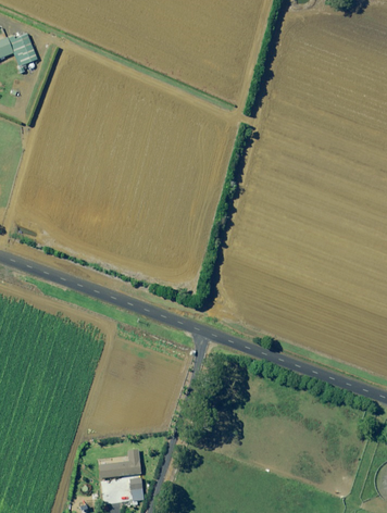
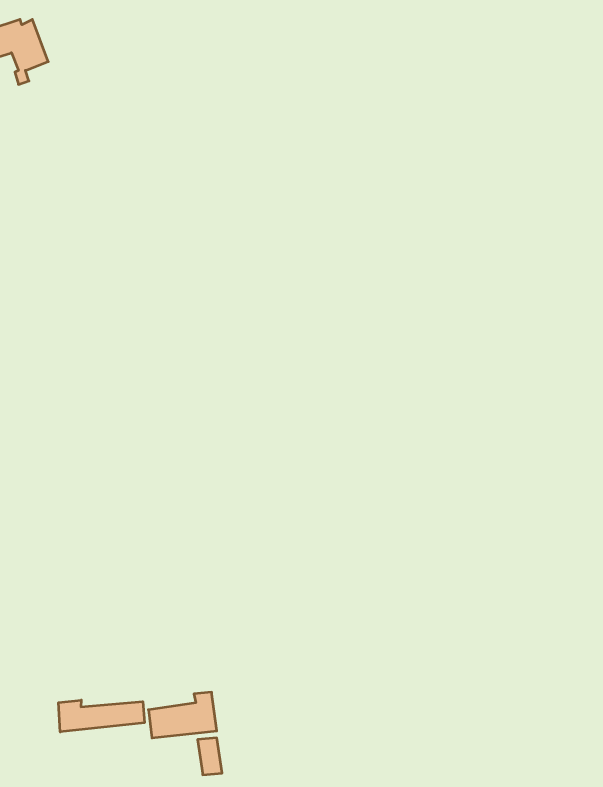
building: none -> [59,700,144,732]

